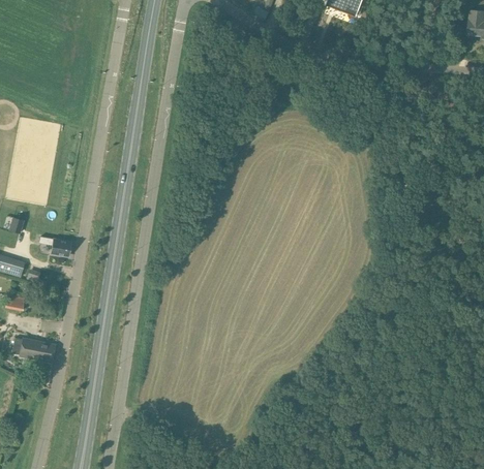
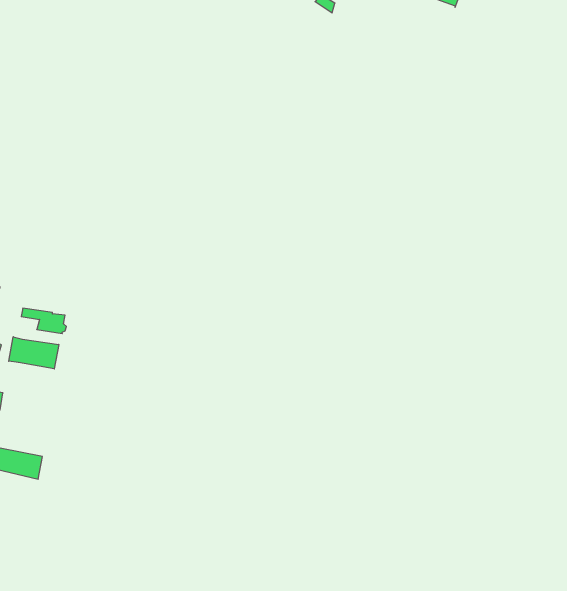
building: none -> [9,337,59,369]

